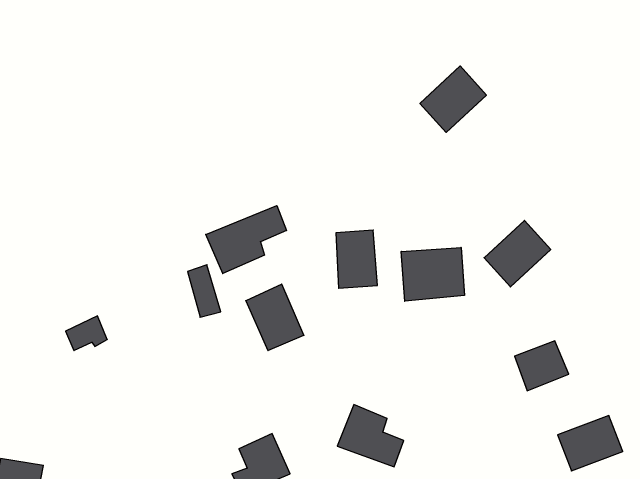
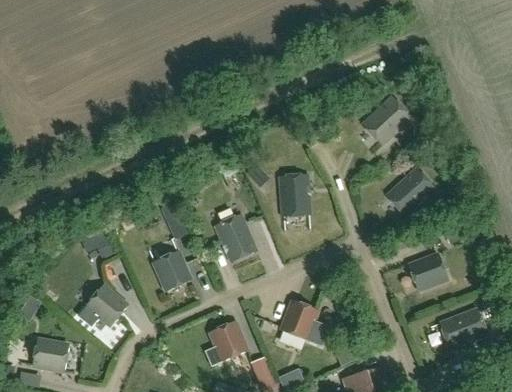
building: [420,66,486,132] -> [362,96,410,144]
building: [206,206,286,274] -> none
building: [401,247,464,301] -> none
building: none -> [153,251,190,290]
building: none -> [85,285,127,325]

